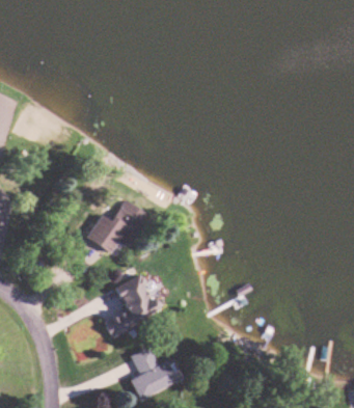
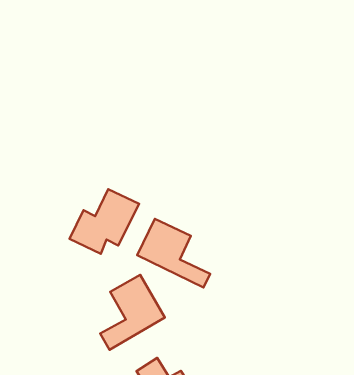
building: none -> [137,219,210,288]

